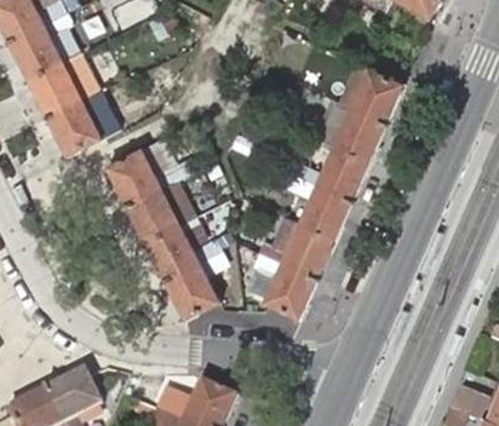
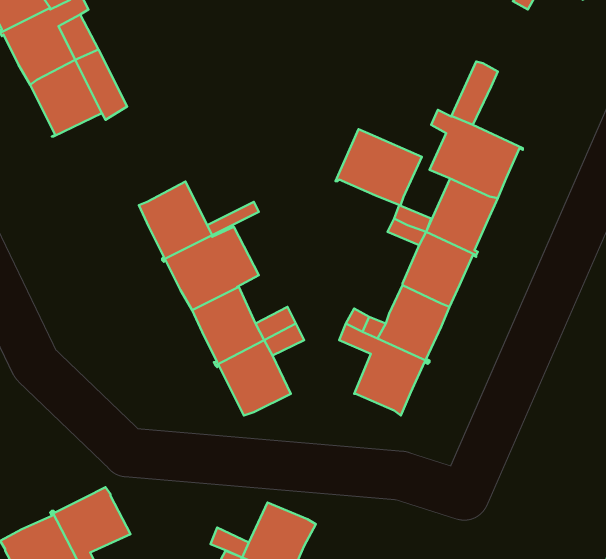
building: [350,70,402,126] -> none
building: [46,100,101,156] -> none
building: none -> [336,129,422,206]

